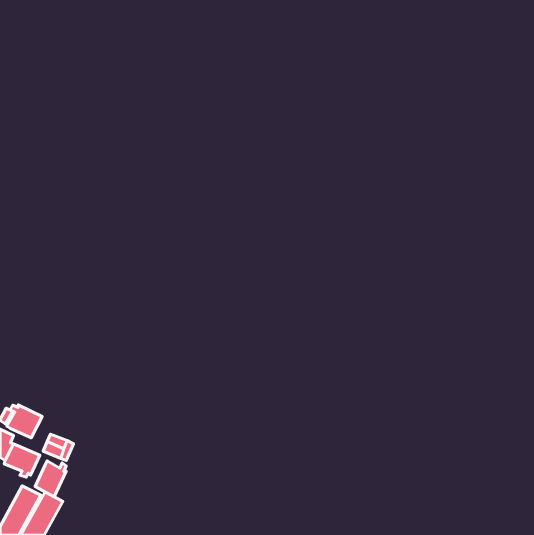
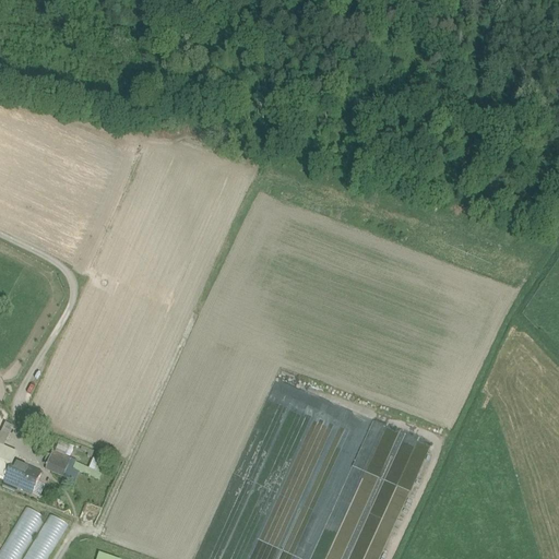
building: [7,405,42,438] -> none
building: [35,461,66,497] -> none

